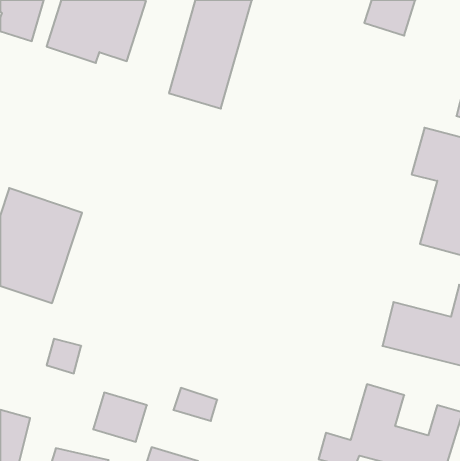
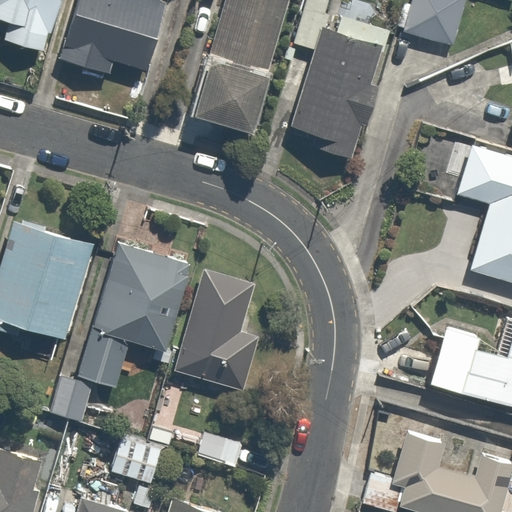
building: none -> [290,28,382,158]
building: none -> [79,239,192,386]
building: none -> [173,272,262,392]

